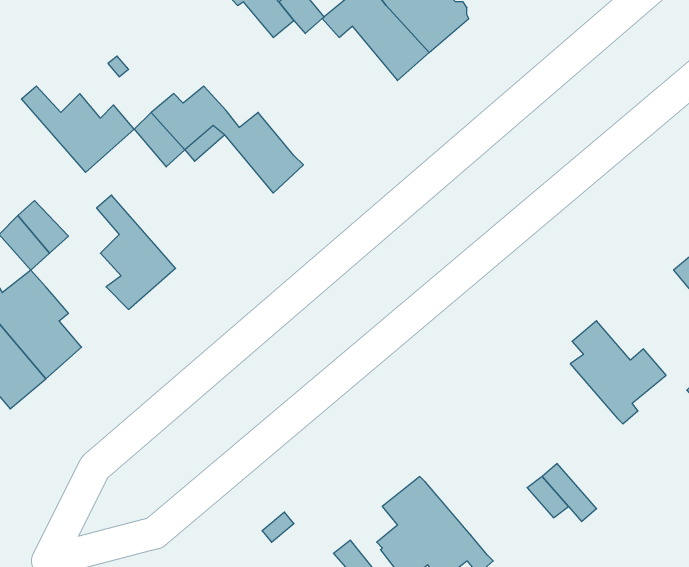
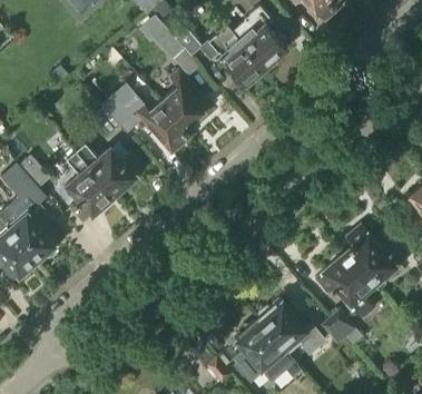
building: none -> [163,71,208,128]
building: [21,86,134,172] -> [76,144,143,195]
building: none -> [317,252,379,316]
building: none -> [258,299,327,354]

